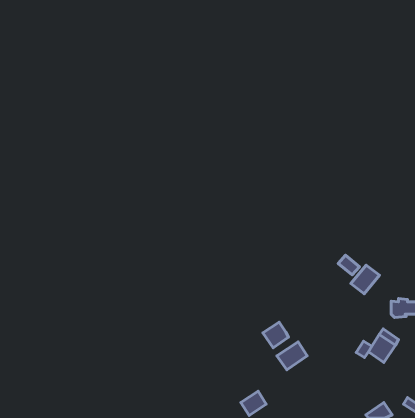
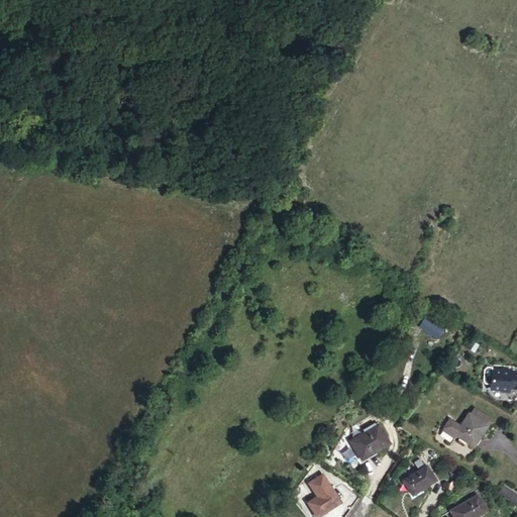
building: [351,265,380,294] -> none
building: [263,322,289,348] -> none
building: none -> [403,467,437,498]

